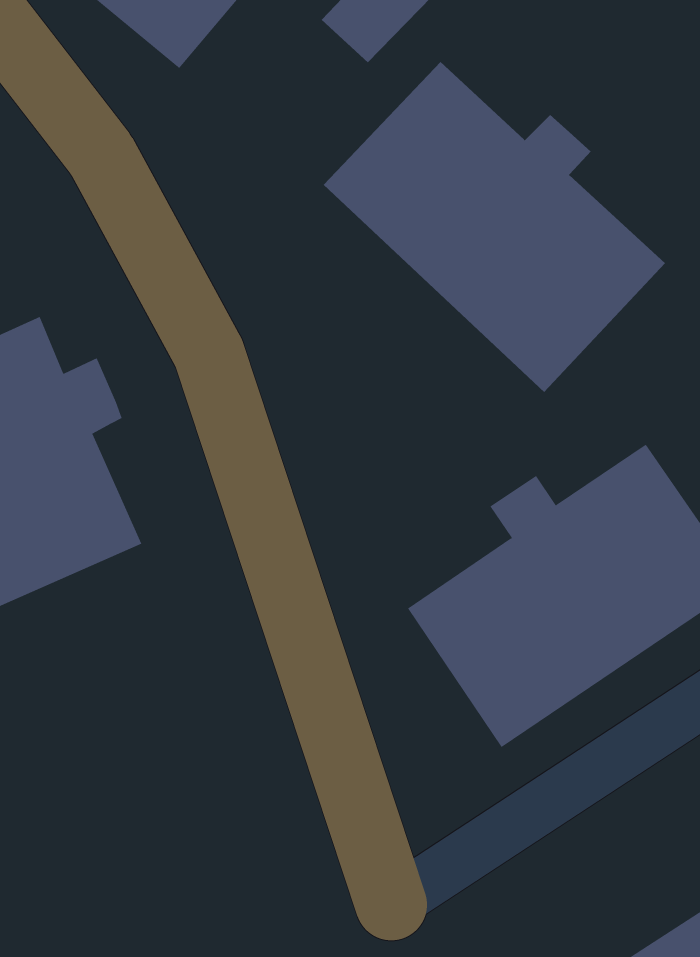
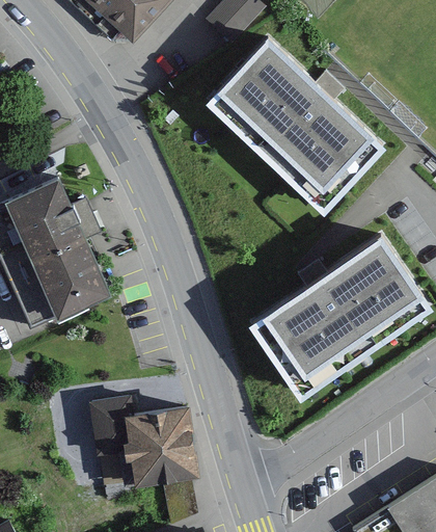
building: none -> [82,392,192,482]

